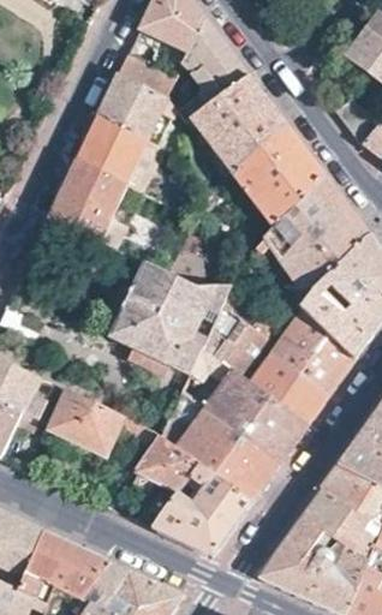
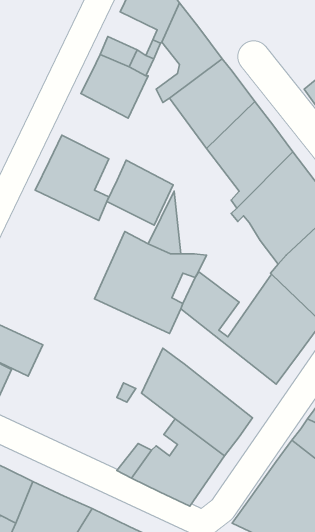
building: [77,115,148,185] -> [107,160,173,225]
building: [193,346,306,462] -> none
building: [48,389,126,456] -> none
building: [137,436,198,492] -> none

